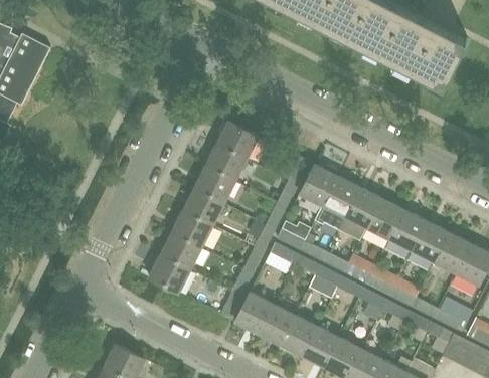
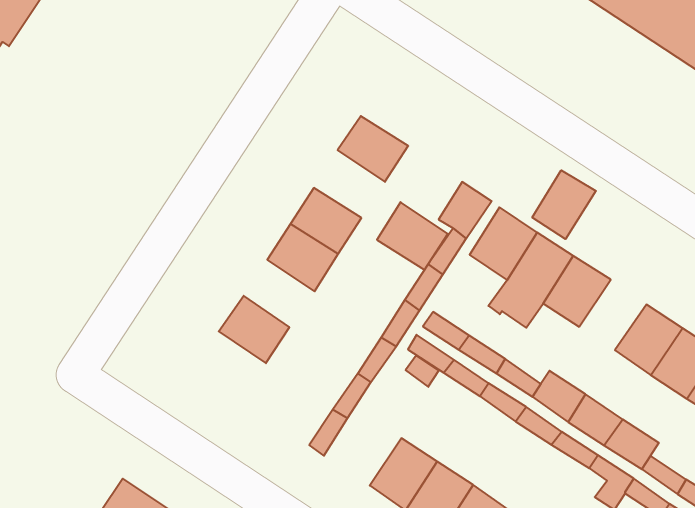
building: none -> [532,170,596,239]
building: [205,142,246,179] -> [377,202,448,270]
building: [366,198,403,238] -> none
building: [172,209,212,246] -> none
building: [148,253,189,292] -> none
building: [233,291,272,332] -> none

